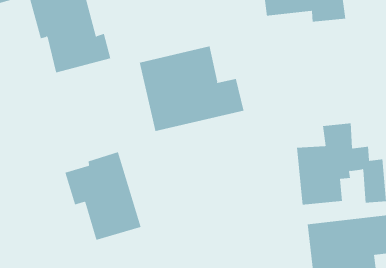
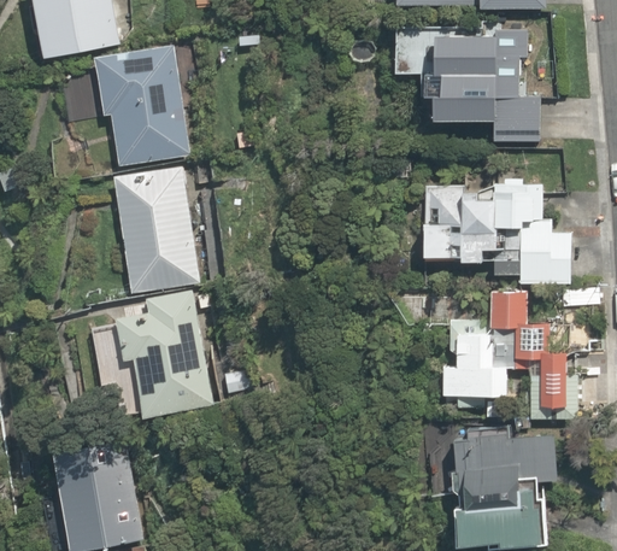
building: [139,46,244,132] -> none
building: none -> [424,188,572,277]
building: none -> [111,166,195,291]

